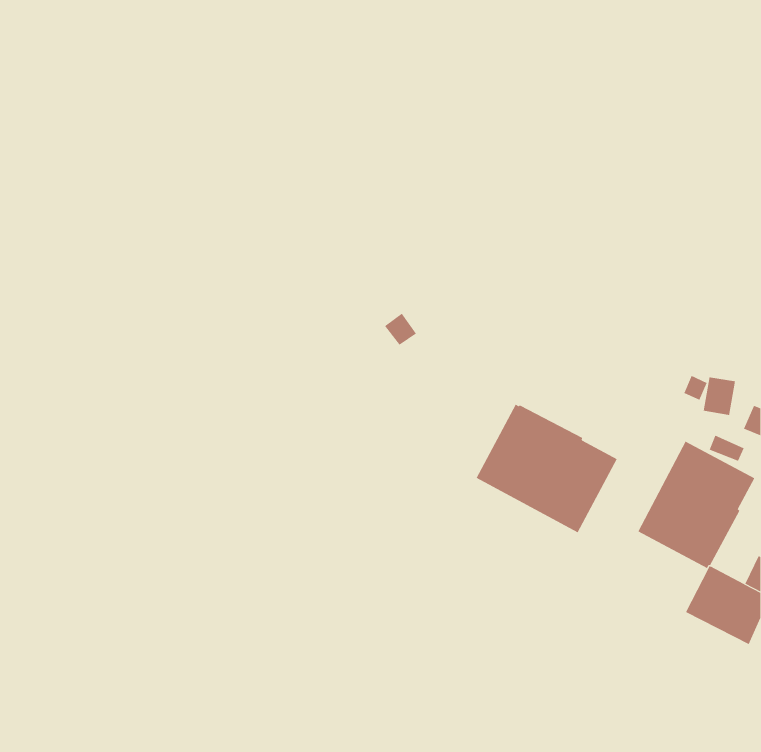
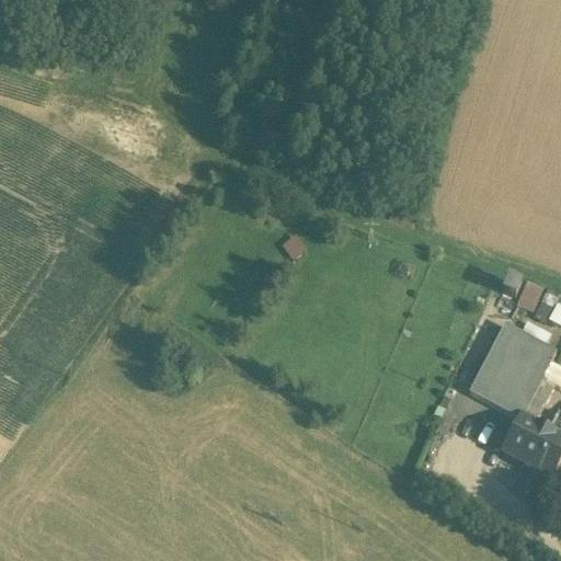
building: [476,404,617,533] -> none

